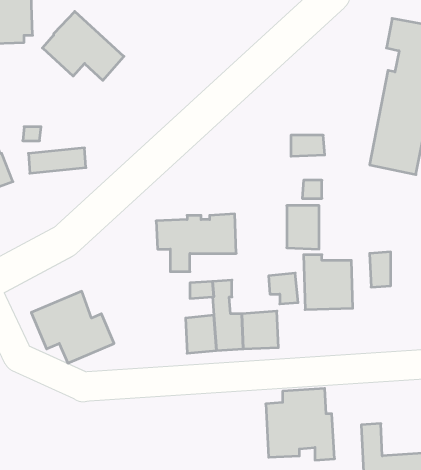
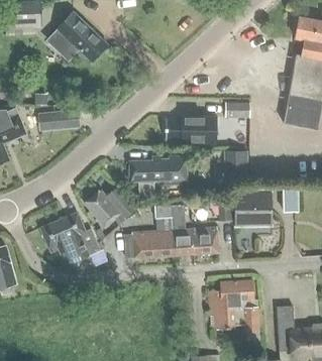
building: none -> [166,115,217,144]
building: none -> [86,186,137,226]
building: none -> [124,231,152,257]

